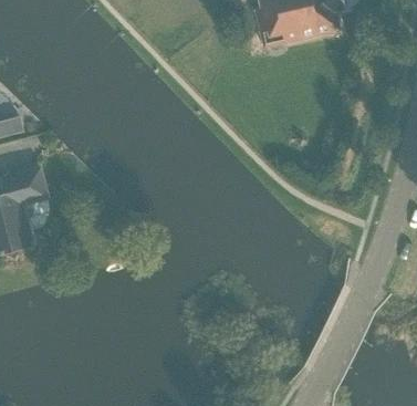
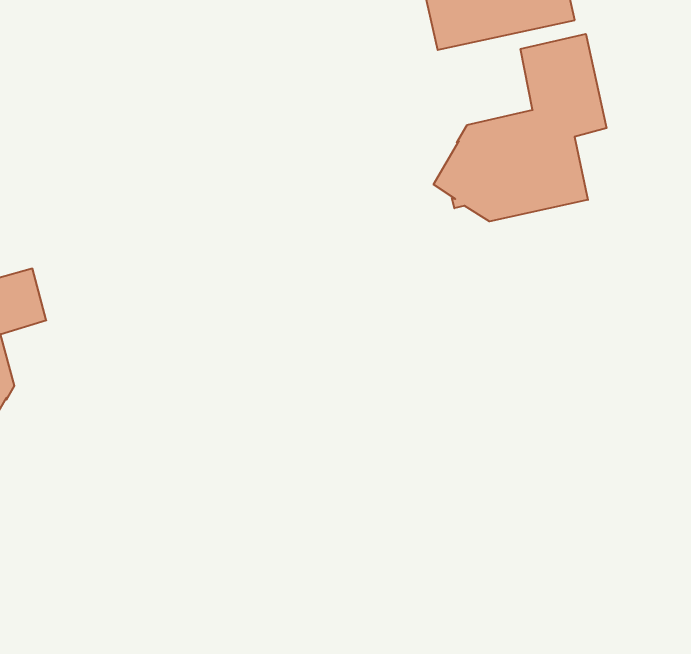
building: none -> [434,34,607,221]

